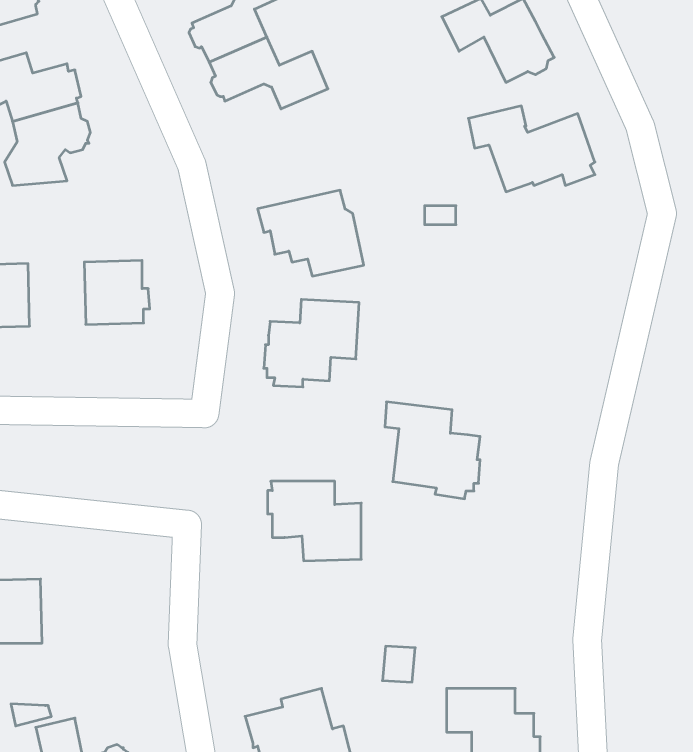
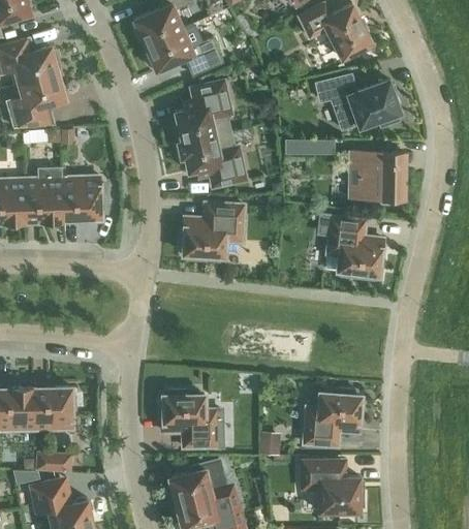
building: none -> [174,79,232,142]
building: none -> [348,151,406,203]
building: none -> [25,166,63,219]
building: [385,402,480,499] -> [320,215,383,279]
building: [268,481,361,561] -> [160,394,222,446]
building: none -> [33,386,75,429]
building: none -> [304,387,364,445]
building: none -> [37,452,71,470]

